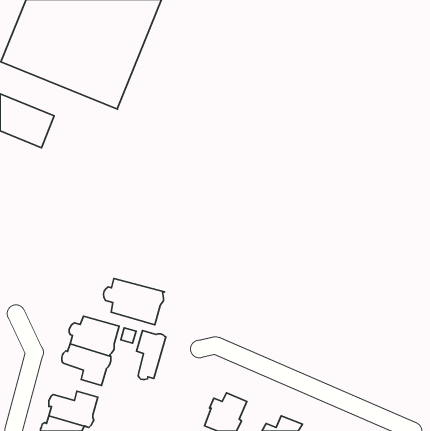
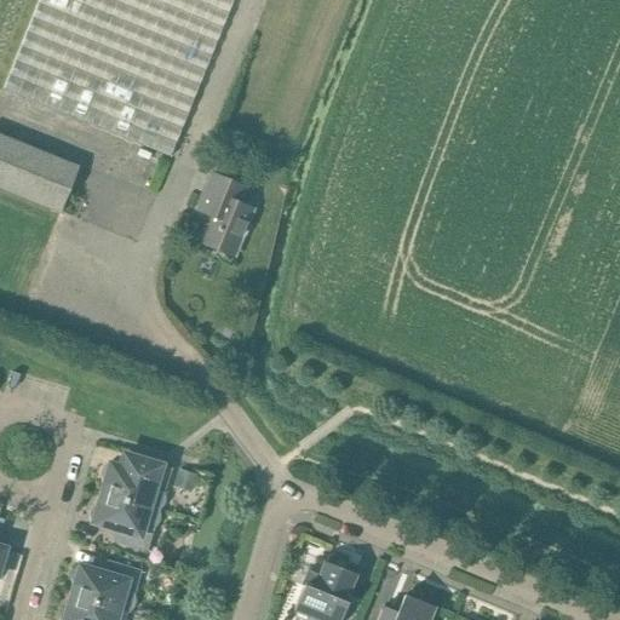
building: none -> [197,173,253,256]
building: [104,278,164,325] -> none
building: [136,331,166,380] -> none

